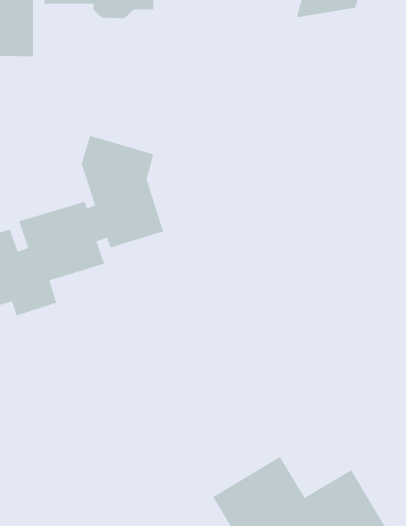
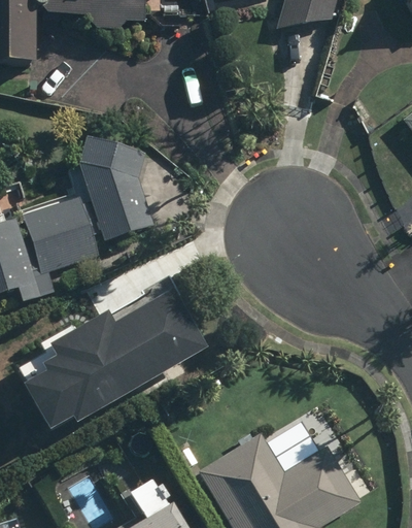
building: none -> [21,289,206,430]

